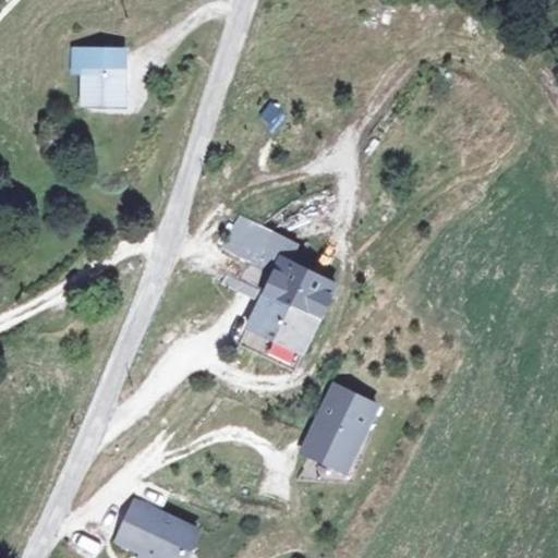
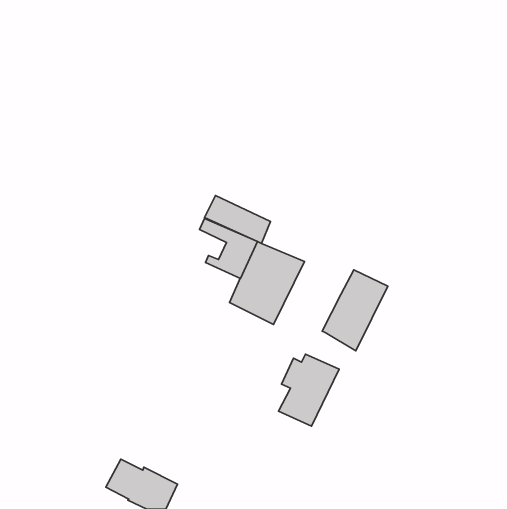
building: [77,49,126,101] -> none
building: none -> [322,270,388,351]

